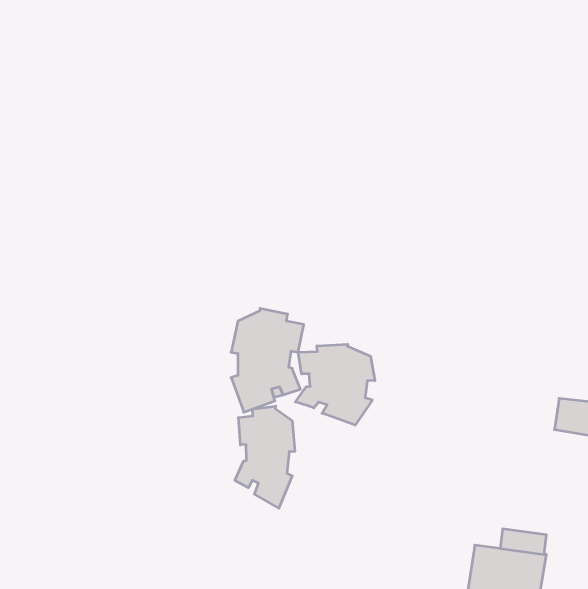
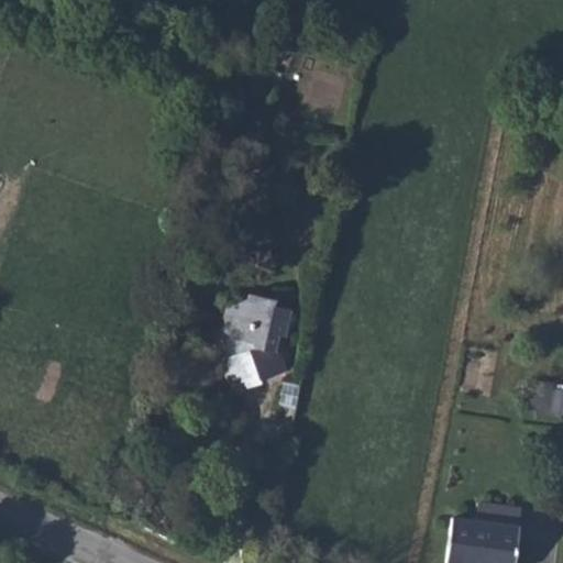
building: [295,344,375,425] -> none
building: [235,406,295,508] -> none

